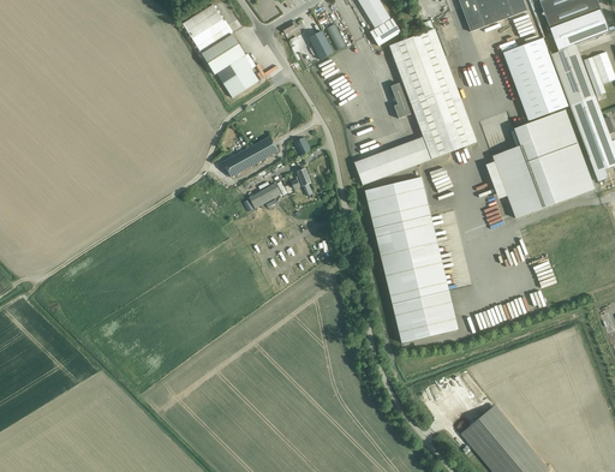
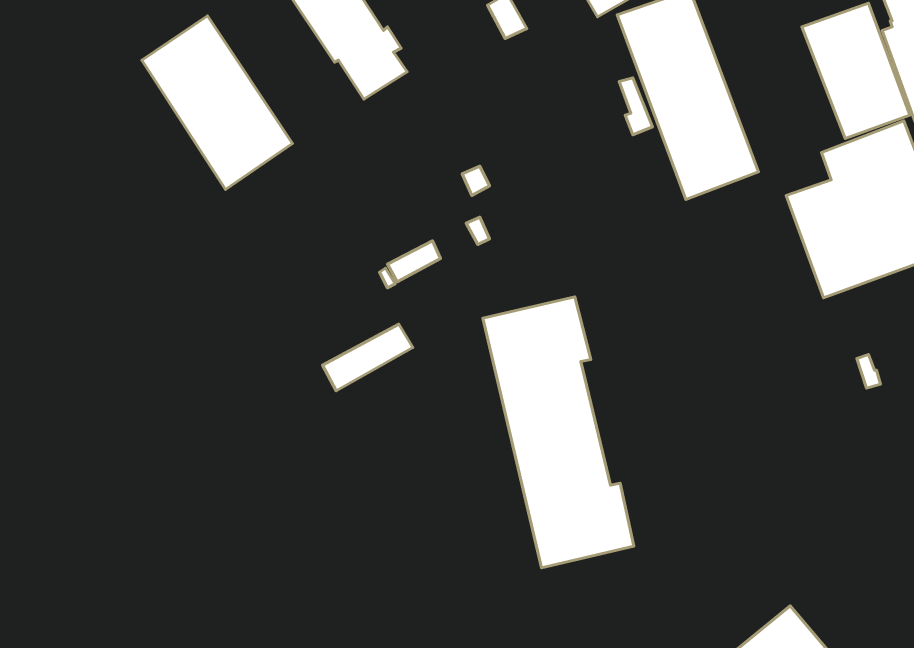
building: none -> [142,16,293,190]
building: [223,136,279,177] -> [322,324,413,391]
building: [354,136,430,184] -> none
building: [365,177,458,342] -> [483,297,634,568]

